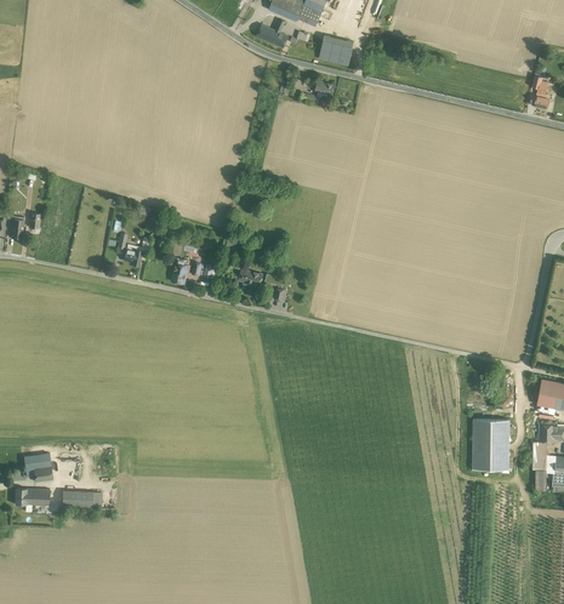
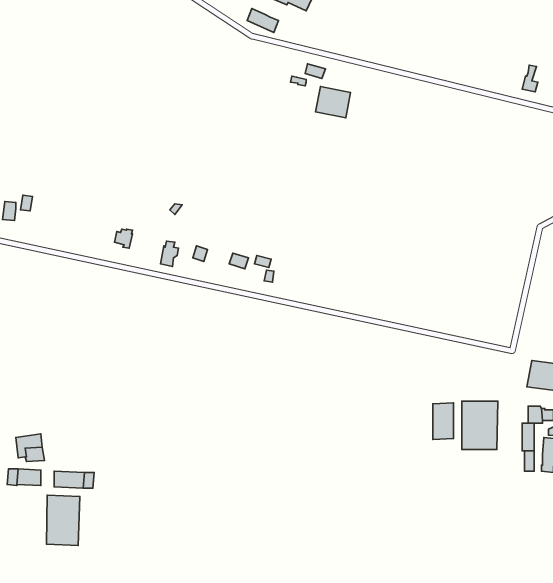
building: [319,34,354,65] -> [316,87,351,118]
building: none -> [433,403,453,439]
building: none -> [46,495,80,545]

